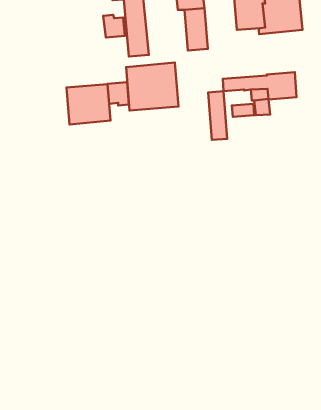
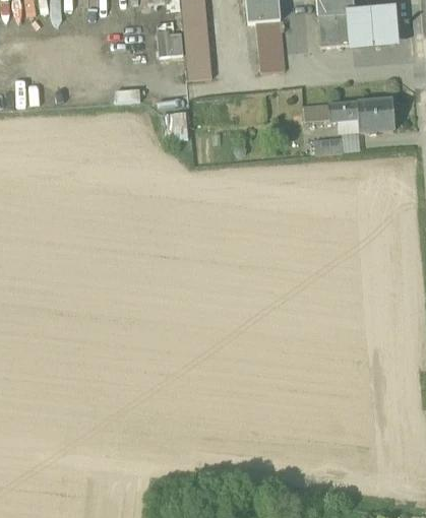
building: [126,62,178,111] -> none
building: [66,84,110,124] -> none
building: [208,91,227,140] -> none

